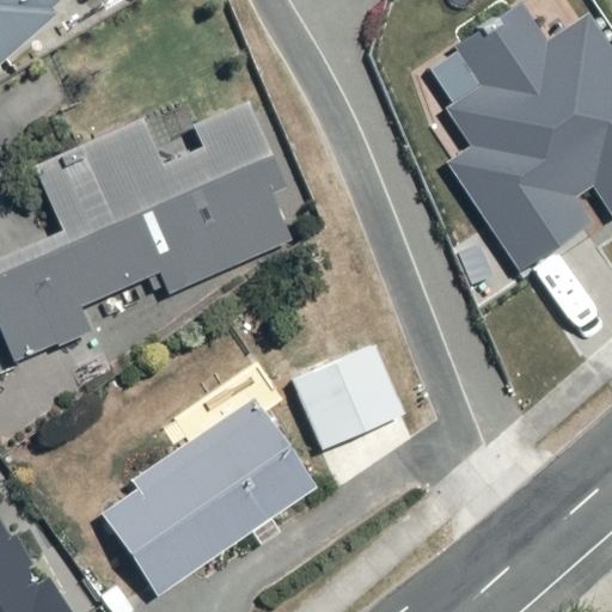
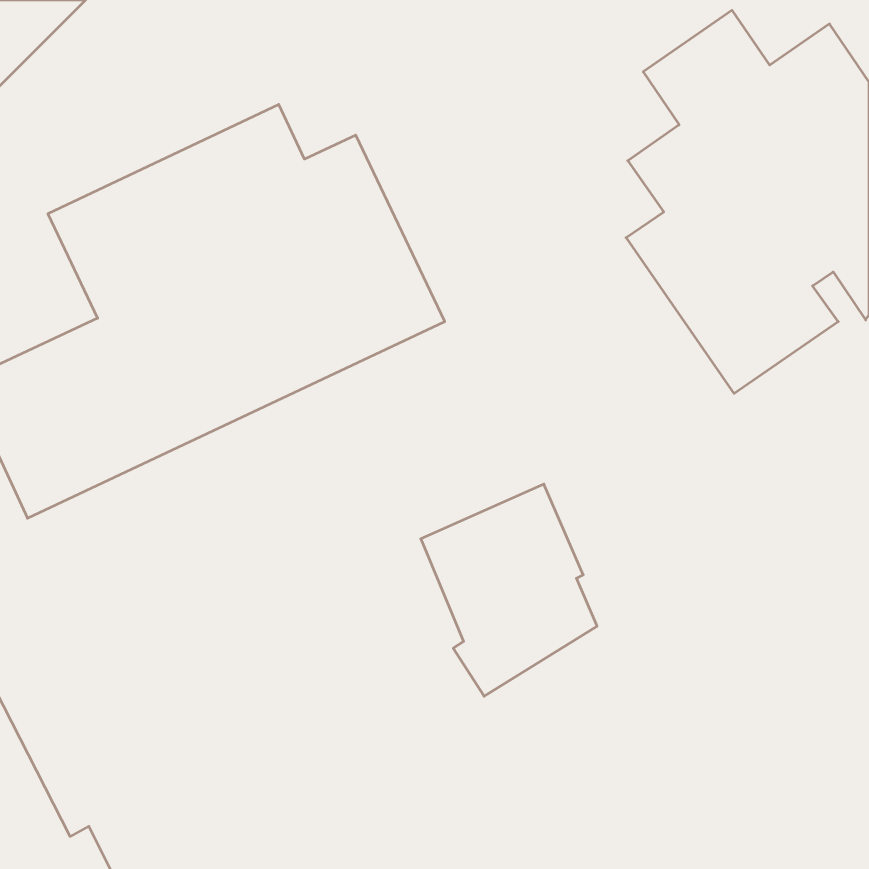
building: [111,405,304,589] -> none

